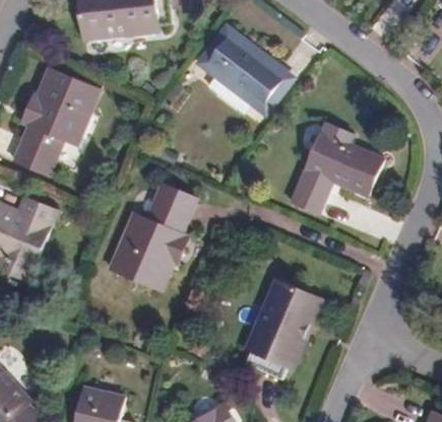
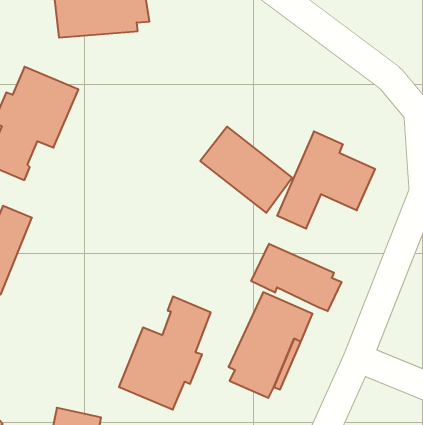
building: [200,30,287,112] -> [200,127,292,213]
building: [109,182,195,288] -> [119,296,211,410]
building: none -> [251,244,341,311]

